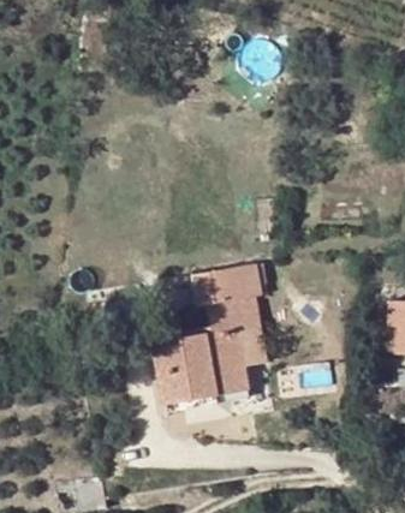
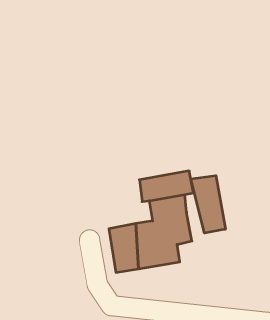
building: none -> [191,176,225,233]

